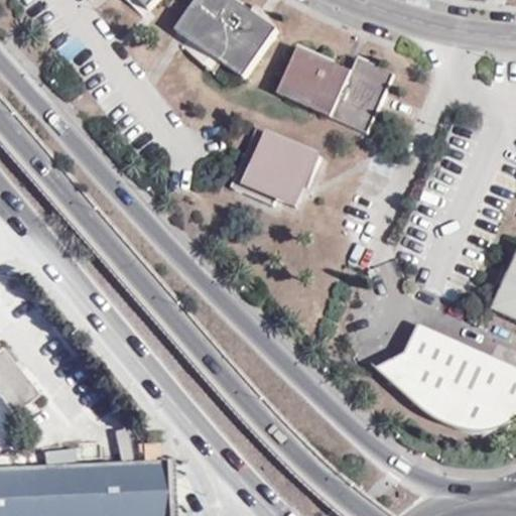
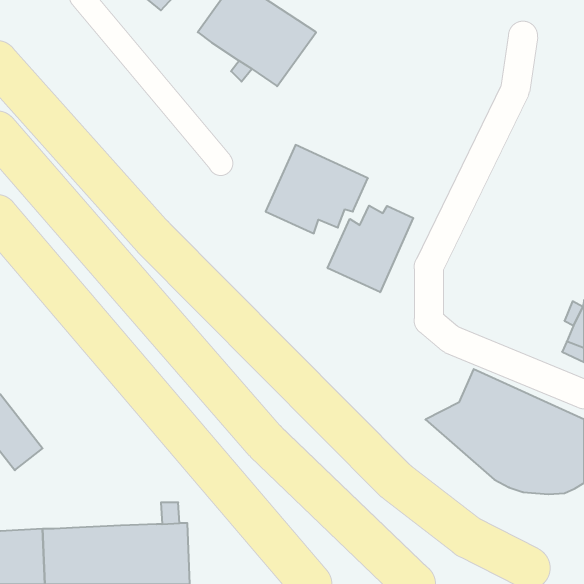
building: [283,50,393,132] -> none
building: none -> [328,206,413,292]

